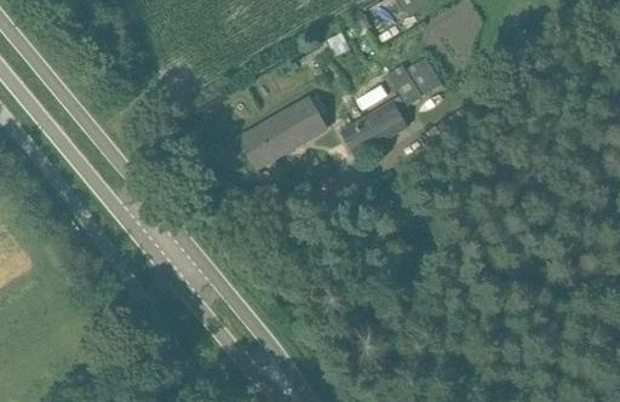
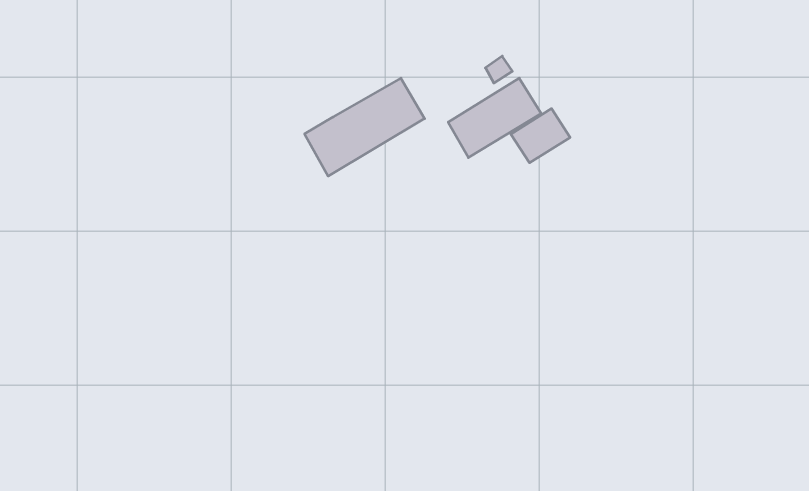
building: [394,67,436,105] -> [511,109,570,163]

